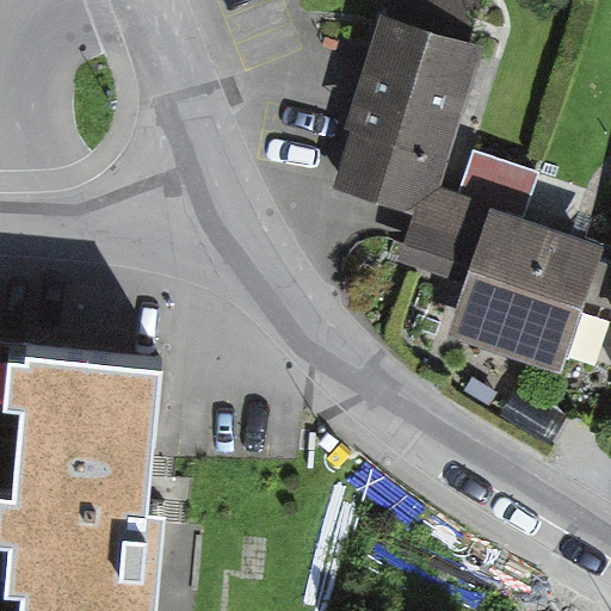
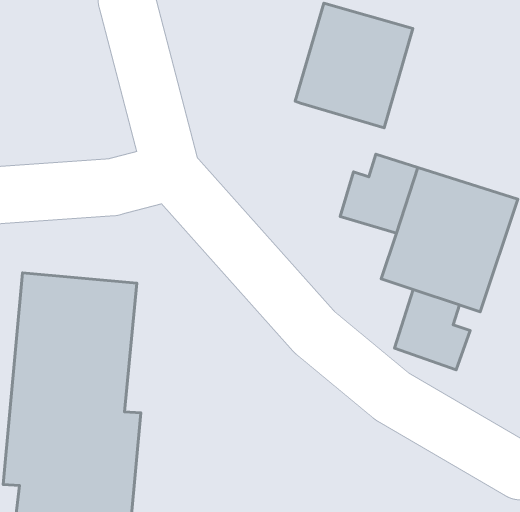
building: [334,132,449,218] -> none
building: none -> [395,290,470,370]

